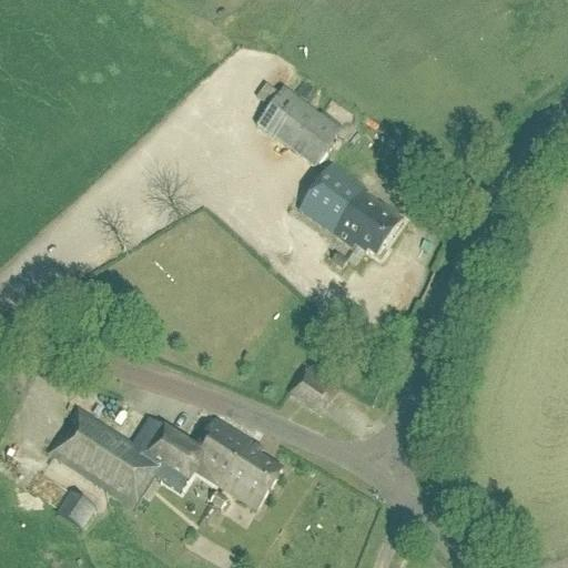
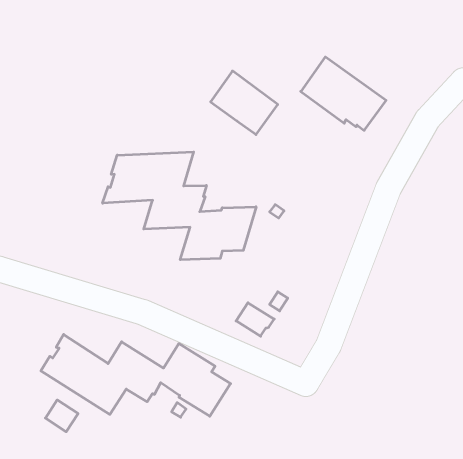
building: [298,165,403,255] -> [301,57,386,130]
building: none -> [103,152,256,260]

